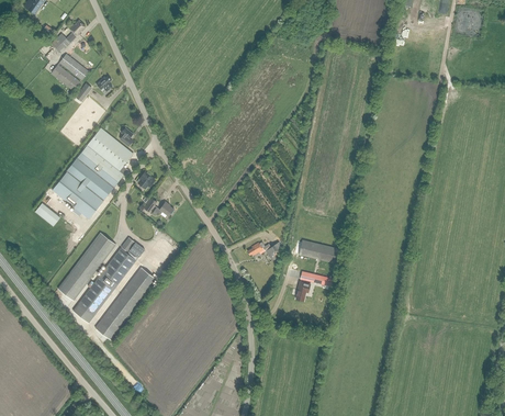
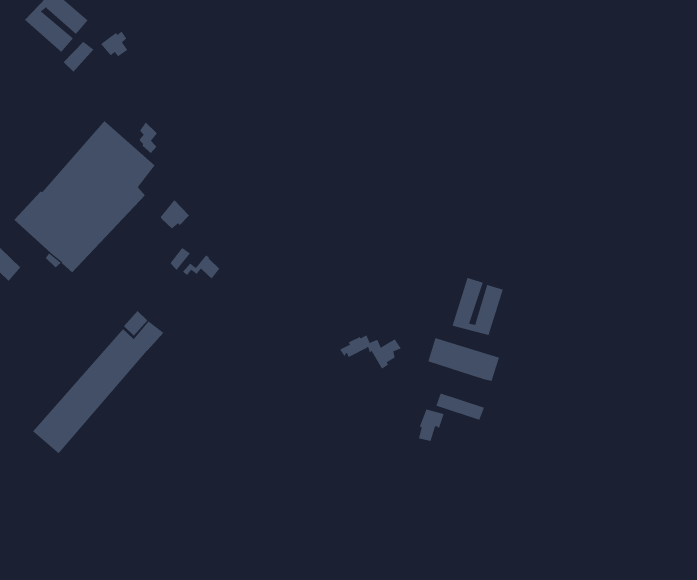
building: none -> [452,277,504,336]
building: [57,232,115,300] -> none
building: [94,267,155,339] -> none

